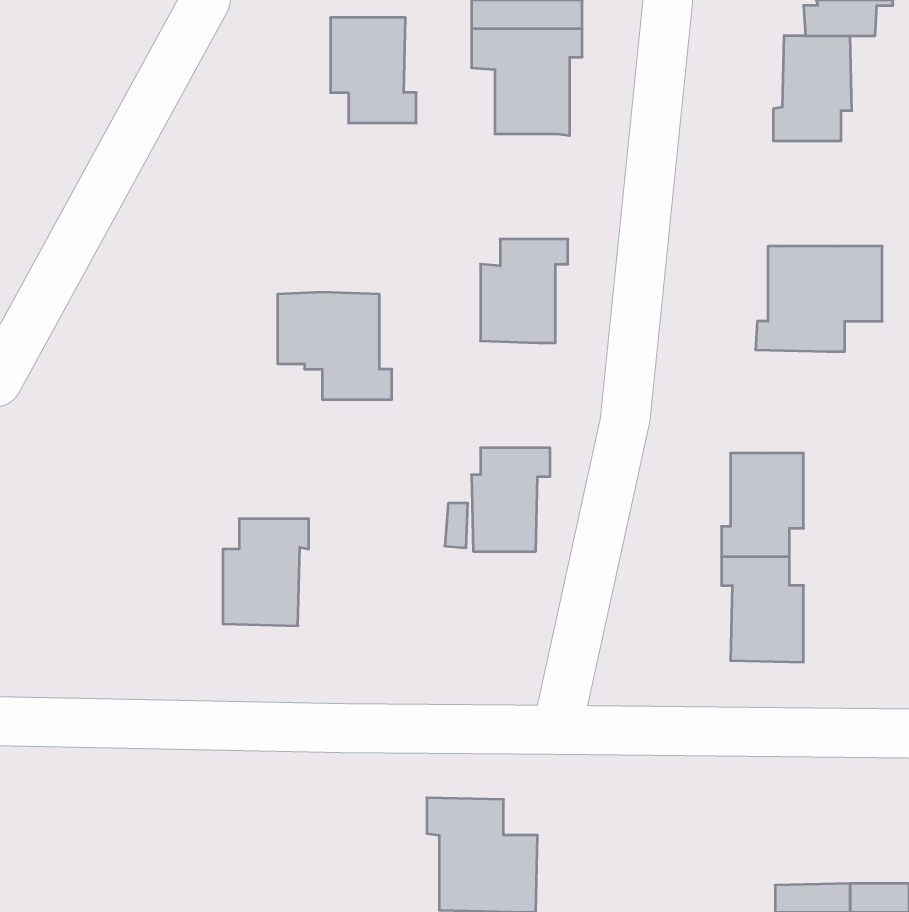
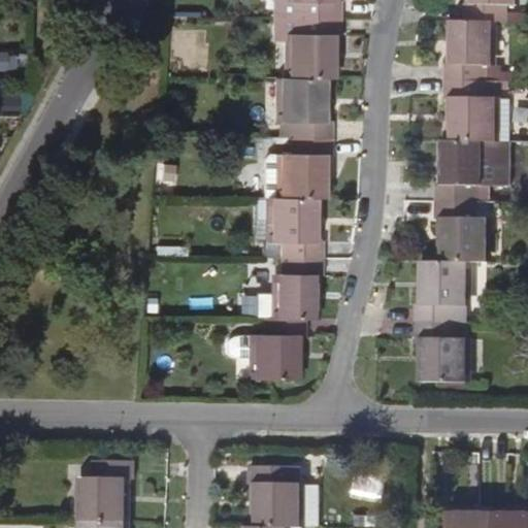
building: [330,18,416,123] -> [278,77,328,138]
building: none -> [446,81,510,142]
building: [278,292,392,399] -> [252,197,318,259]
building: none -> [436,202,486,263]
building: [223,519,309,626] -> [251,319,300,381]
building: none -> [82,461,131,522]

